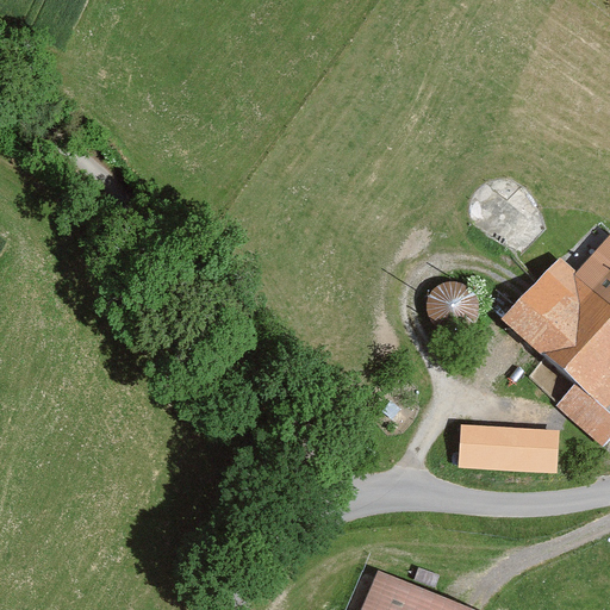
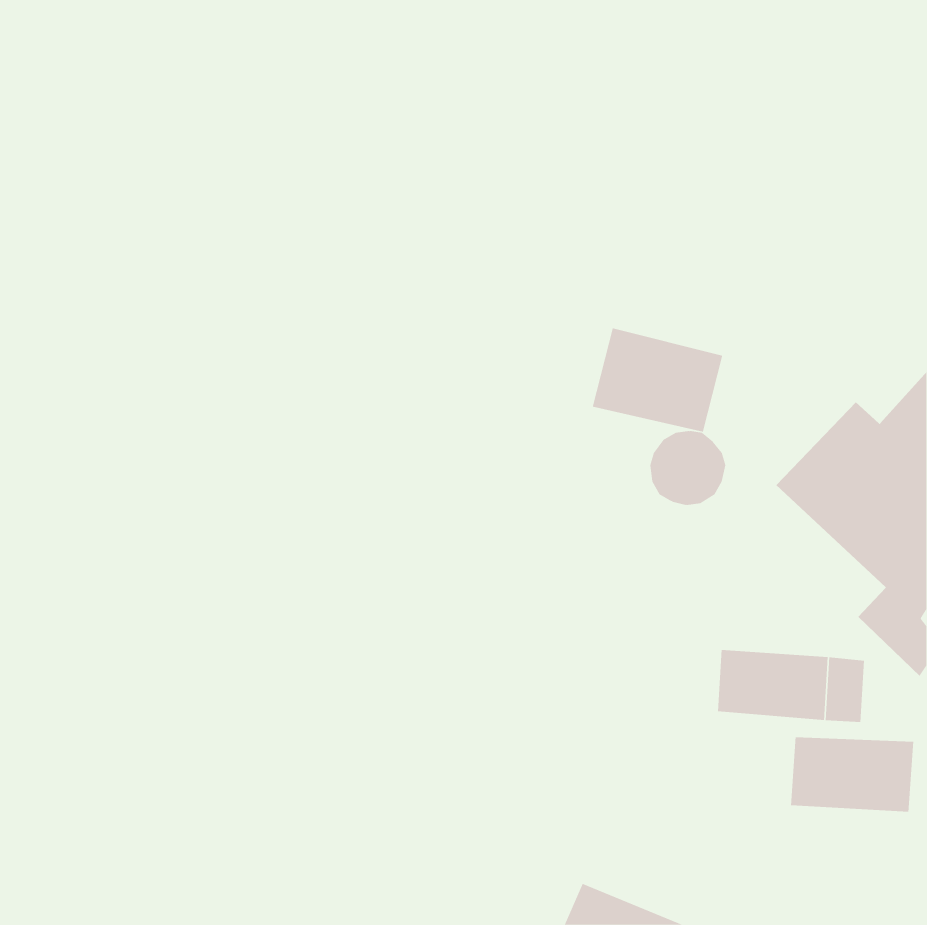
building: none -> [592,328,723,433]
building: none -> [791,737,914,813]

